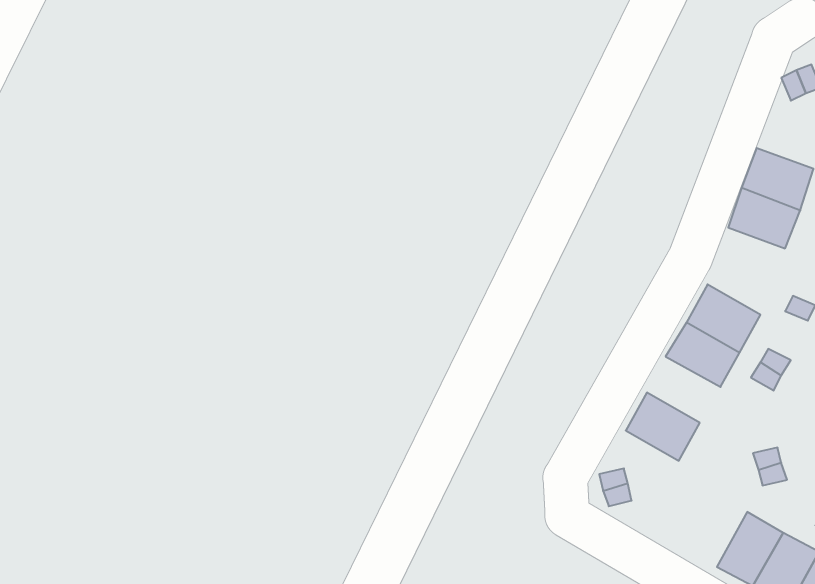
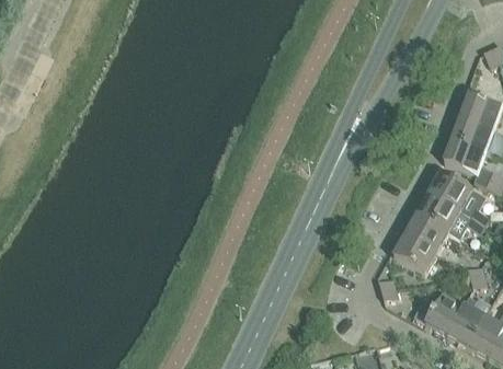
building: none -> [443,138,484,173]
building: none -> [404,212,447,251]
building: none -> [423,290,462,334]

